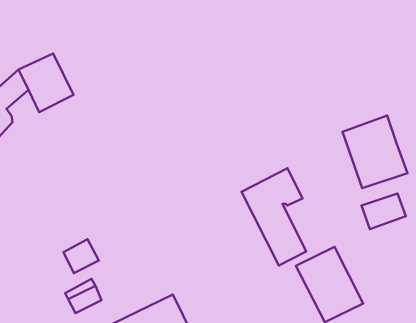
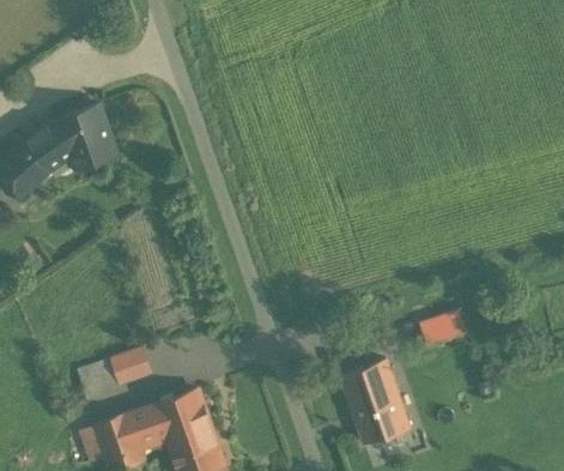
building: [343,115,408,188] -> none
building: [242,168,306,266] -> none
building: [63,239,99,273] -> [115,348,153,384]

